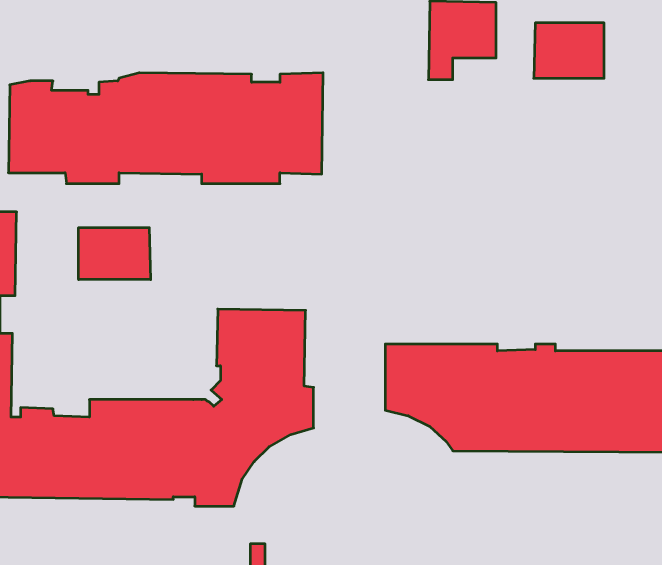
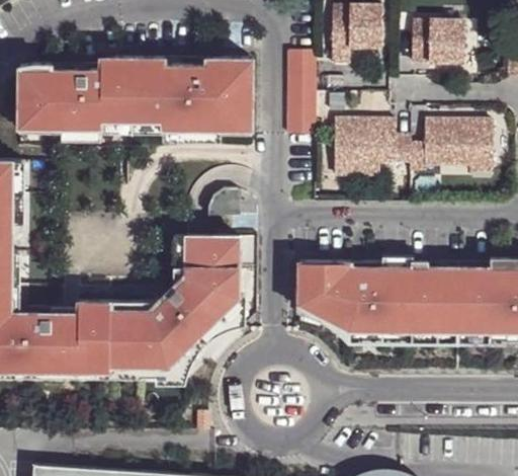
building: none -> [286,49,314,133]
building: none -> [334,117,492,174]
building: [79,228,151,280] -> none

